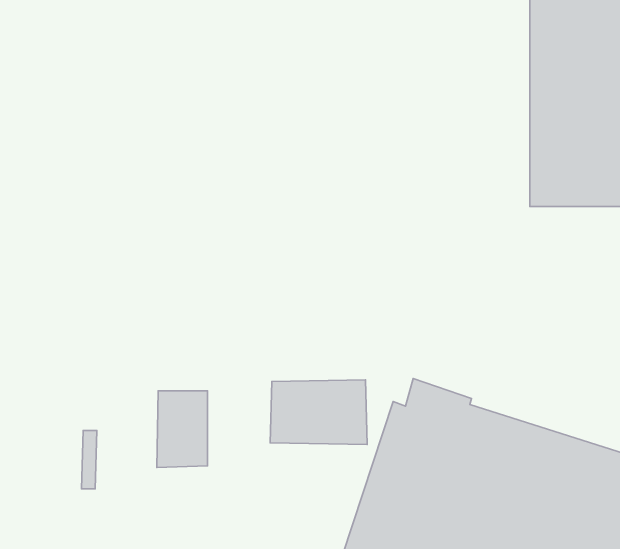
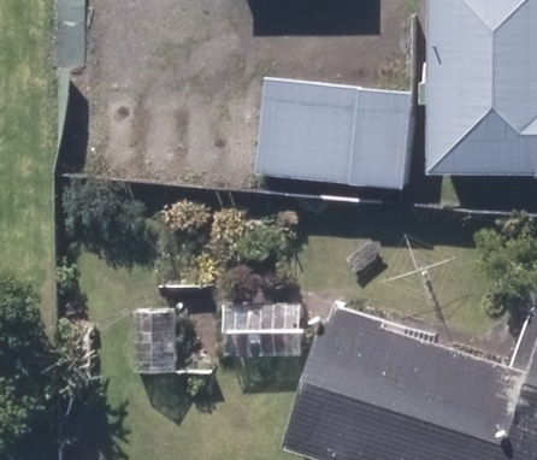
building: none -> [256,78,413,190]

